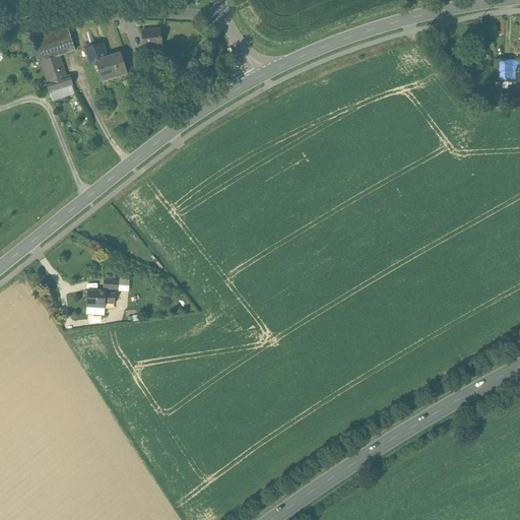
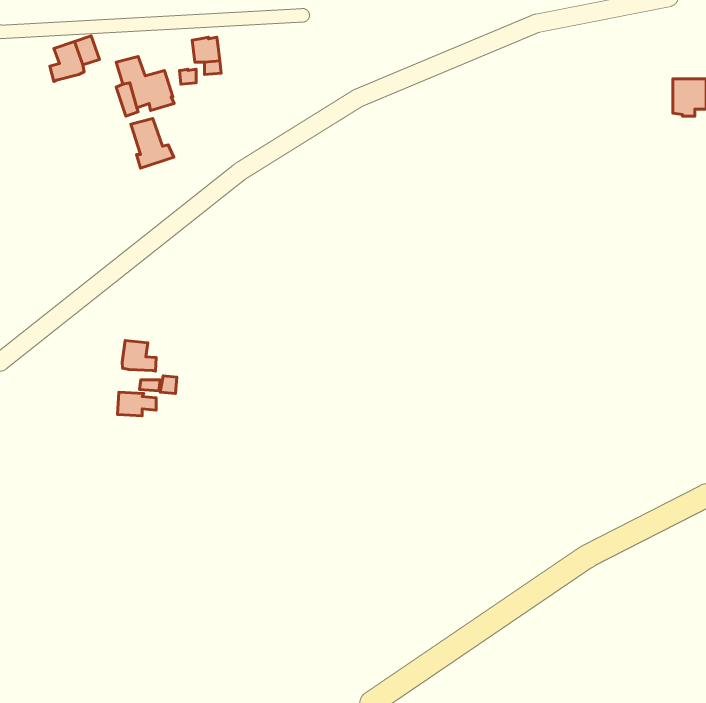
building: [42,55,73,91] -> [131,118,174,168]
building: none -> [122,340,156,371]

